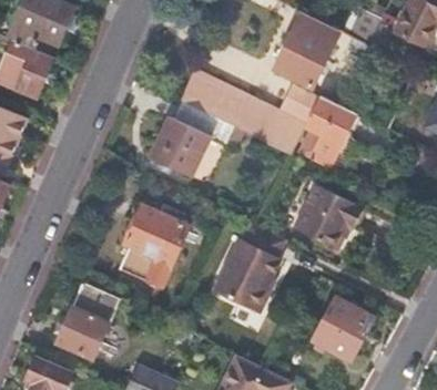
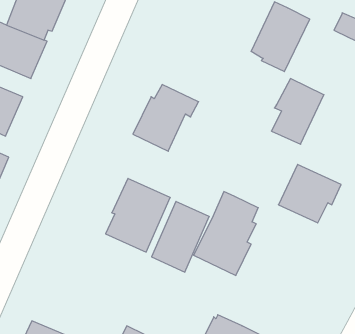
building: [180,76,305,154] -> none
building: [58,280,121,358] -> [152,201,209,272]
building: [315,295,376,356] -> none

